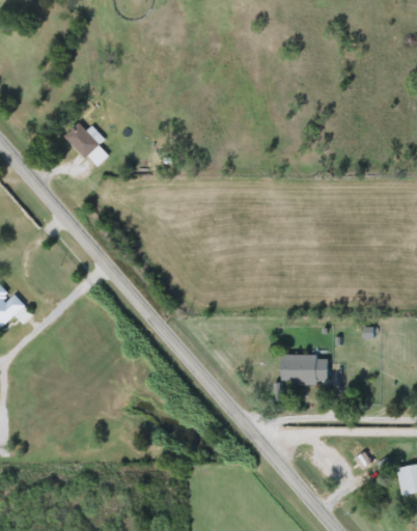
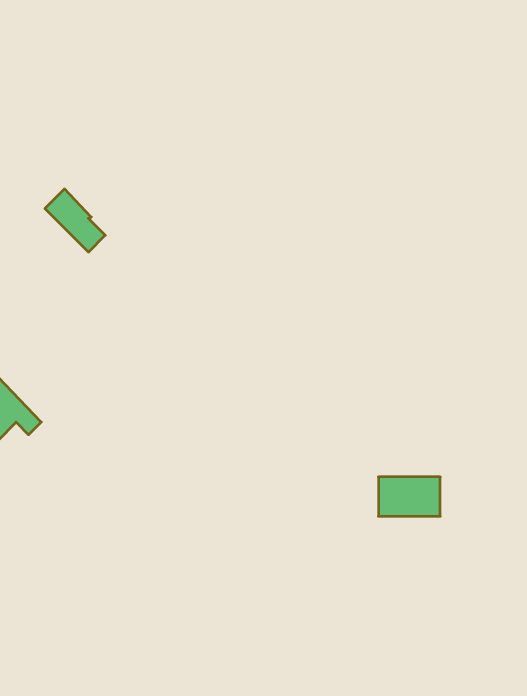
building: [64,121,109,168] -> [45,189,105,252]

